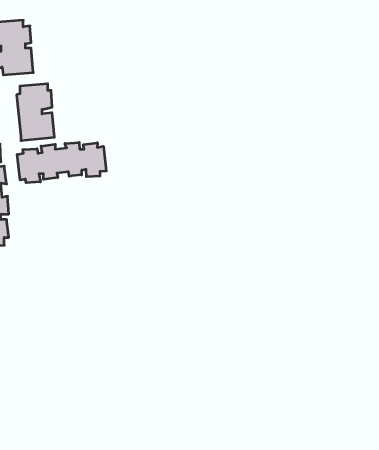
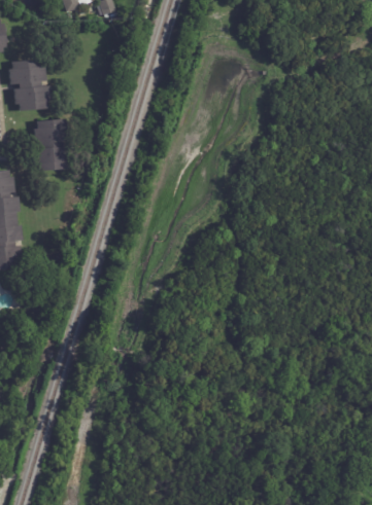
building: [17,142,106,183] -> none

